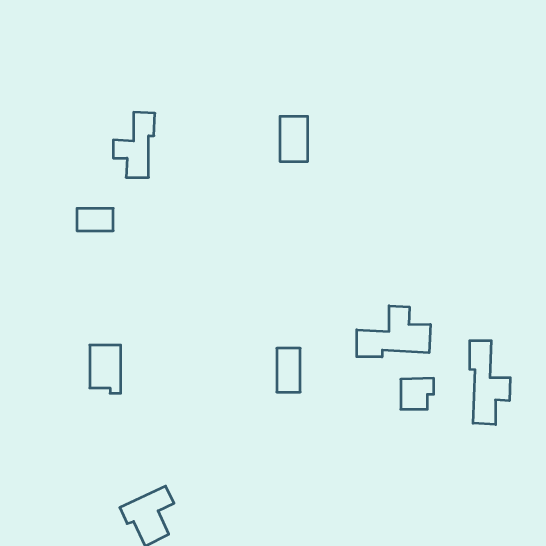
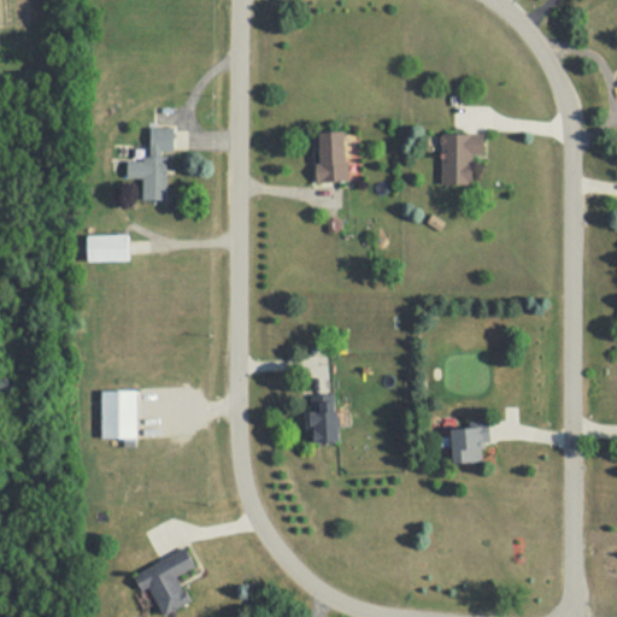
building: none -> [441,134,484,186]
building: [357,306,430,357] -> none
building: [470,341,510,425] -> none

